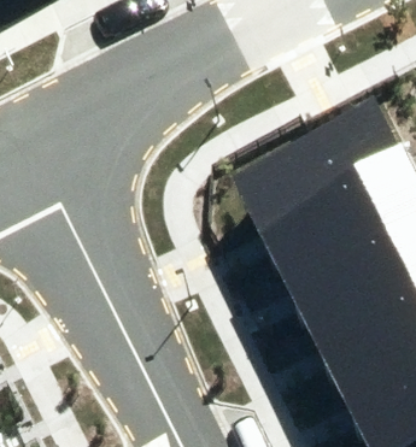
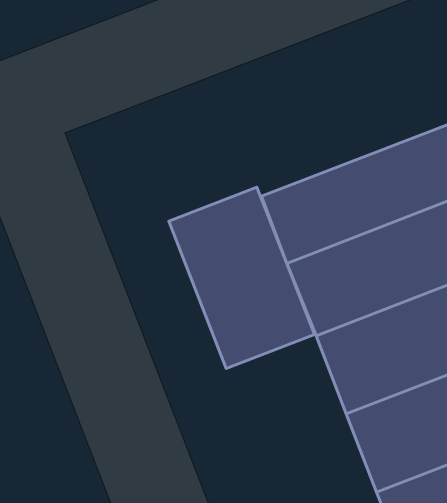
building: none -> [169,187,314,369]

